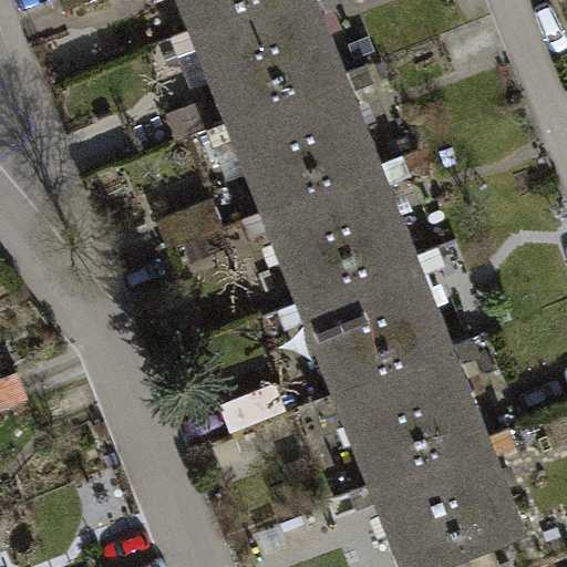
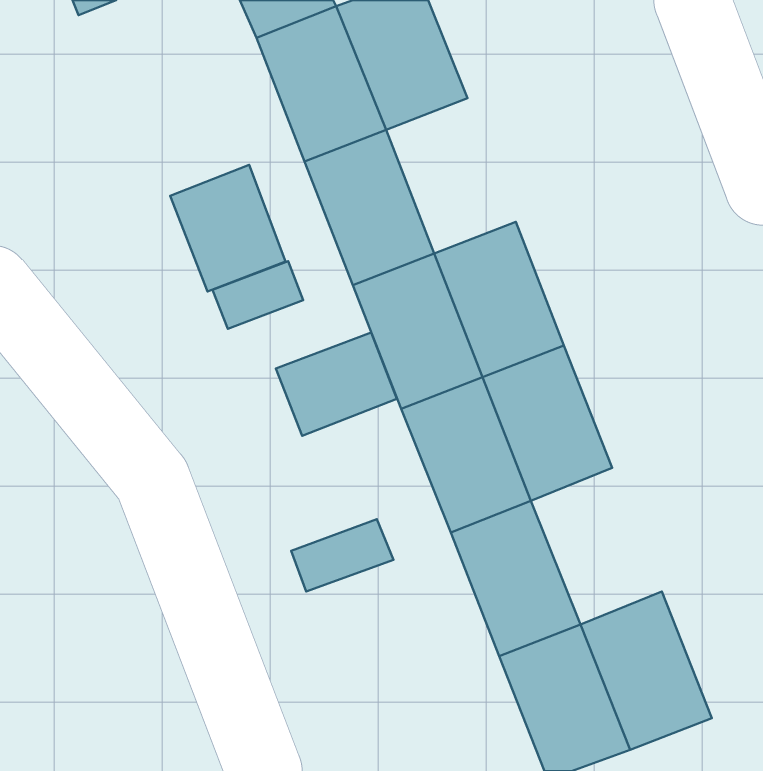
building: [284,72,379,186] -> none
building: none -> [170,165,285,292]
building: none -> [276,332,397,436]
building: [390,343,486,458] -> none

